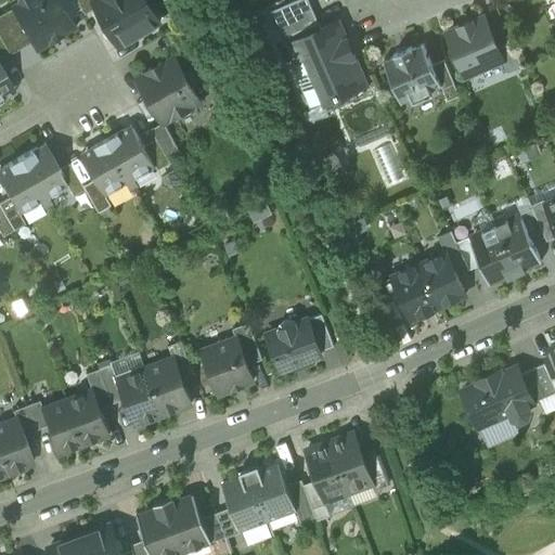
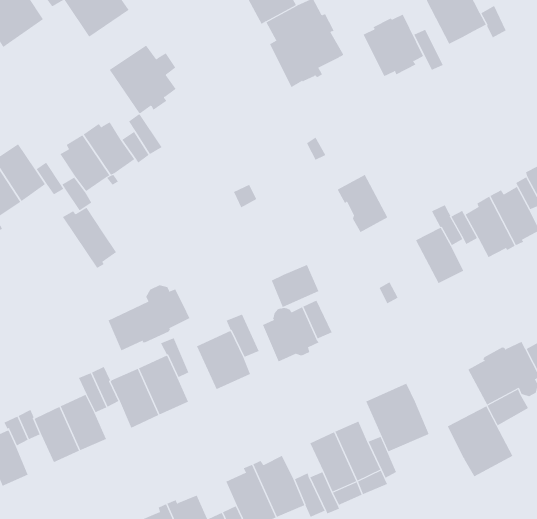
building: none -> [62,207,117,269]
building: [390,263,438,320] -> [337,174,388,233]
building: none -> [271,264,319,308]
building: none -> [108,284,190,351]
building: none -> [365,383,429,452]
building: none -> [447,406,513,477]

